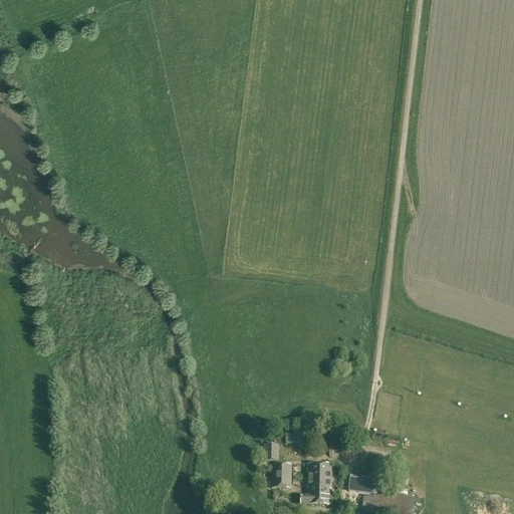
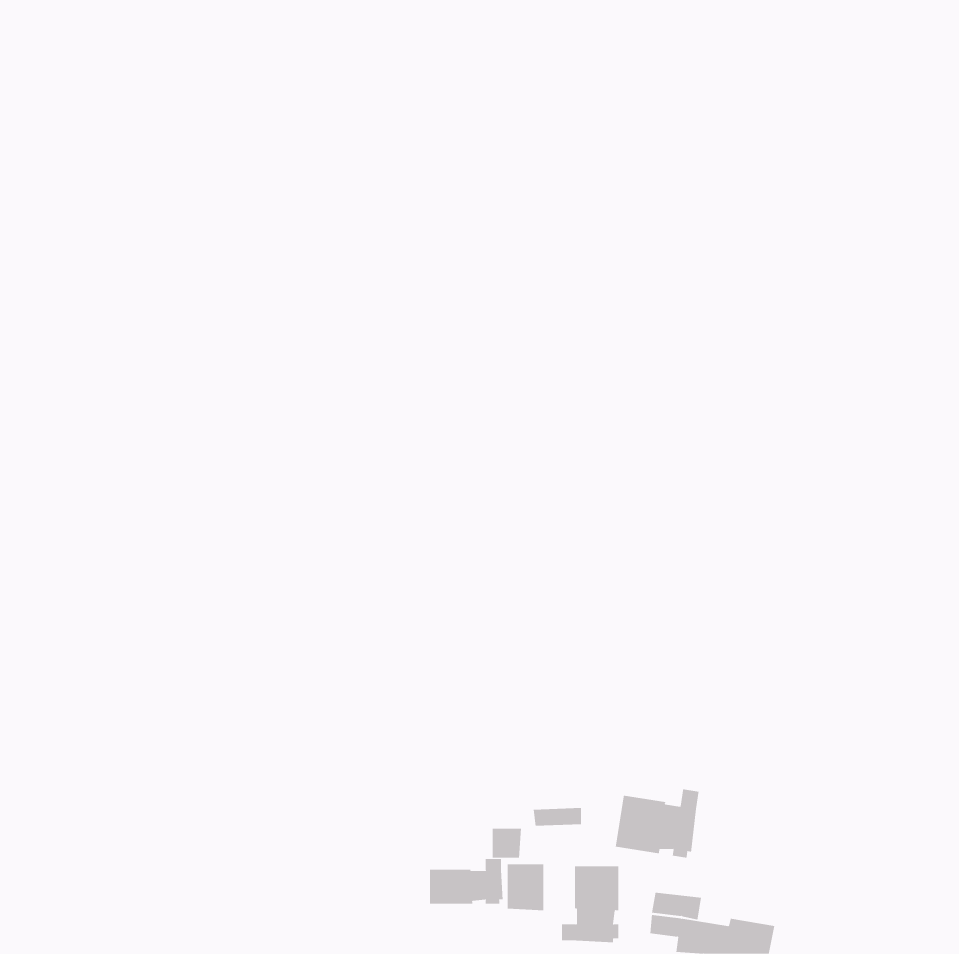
building: none -> [615,789,699,858]
building: none -> [430,858,503,905]

